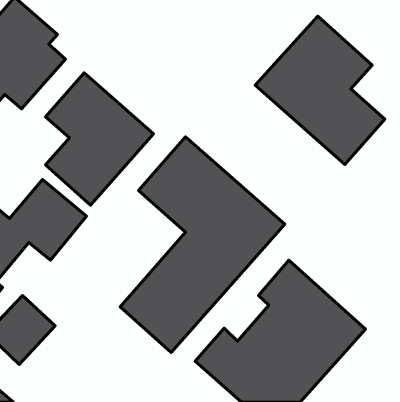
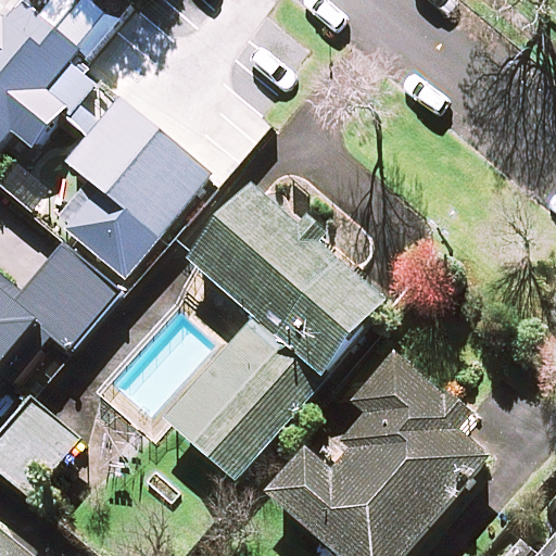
building: [255,16,385,165] -> none

